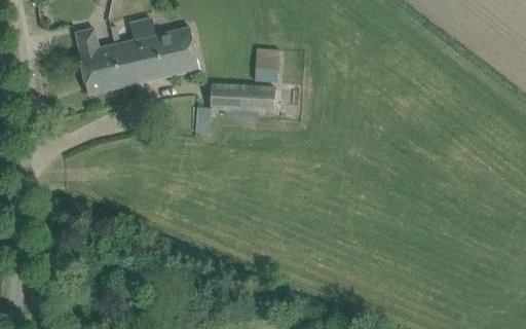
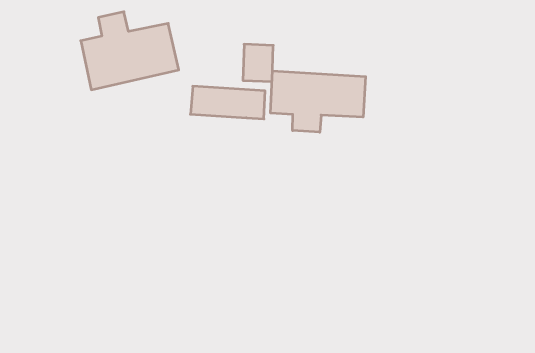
building: [74,28,121,95] -> none
building: none -> [271,71,366,132]

